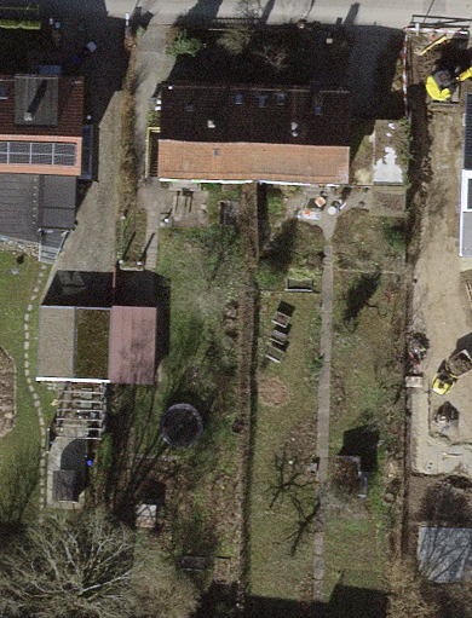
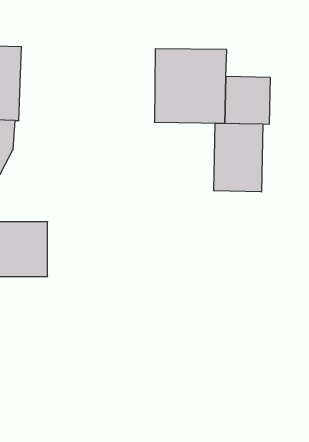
building: [159,85,251,181] -> none
building: none -> [214,123,263,192]

